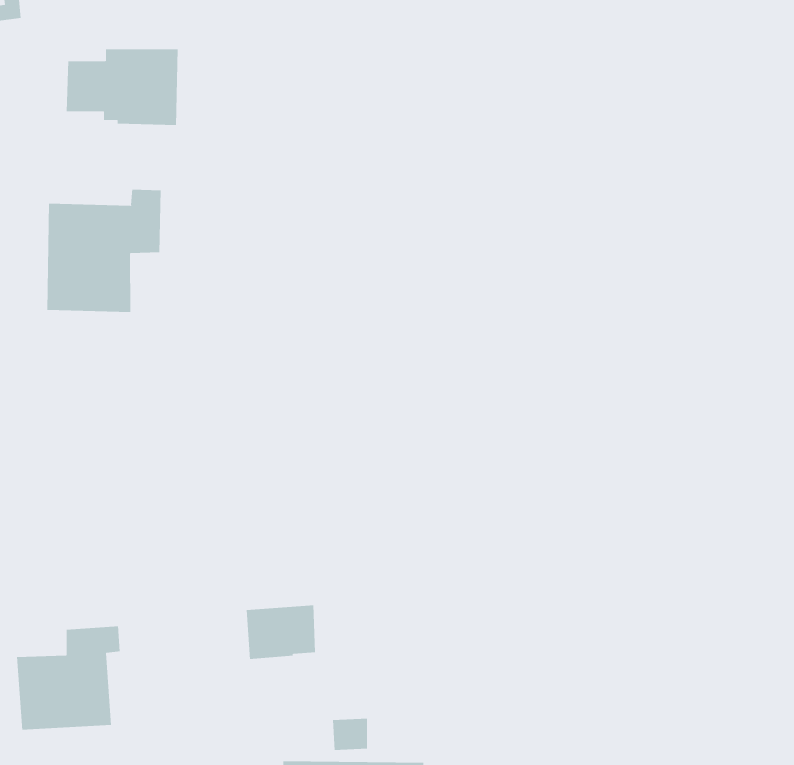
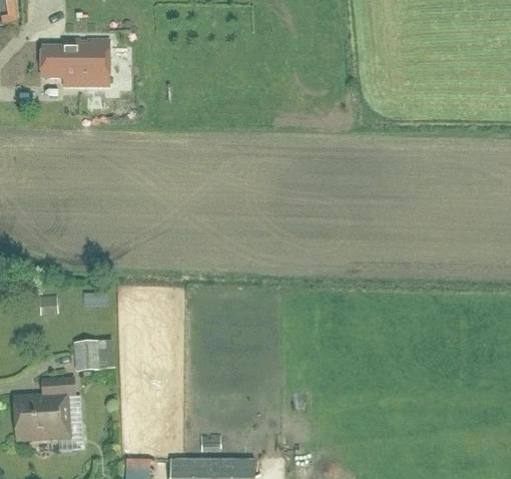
building: [47,189,161,313] -> none
building: [246,605,316,659] -> [73,339,114,371]

